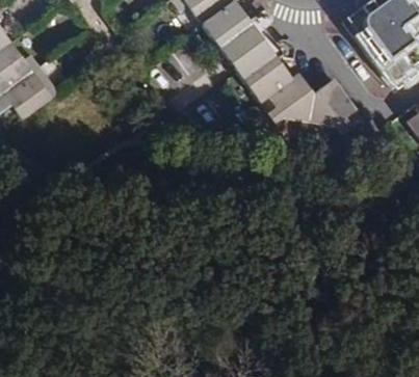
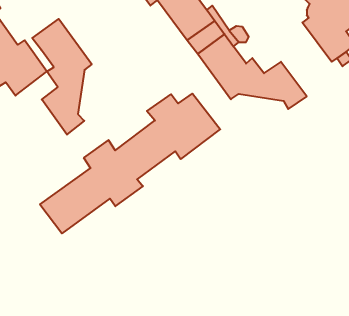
building: none -> [32,19,92,135]
building: none -> [40,94,220,233]

